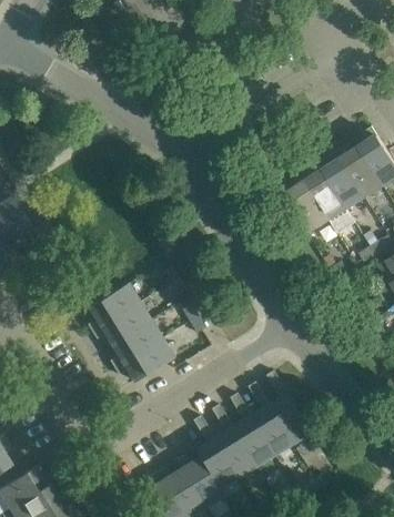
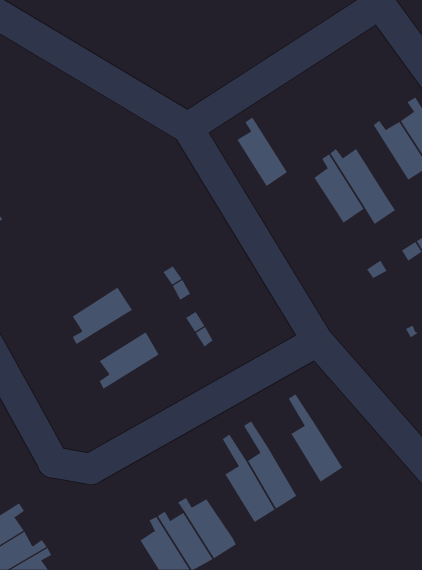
building: [322,150,364,207] -> [237,117,288,187]
building: [91,302,149,344] -> none
building: [113,338,172,381] -> none
building: [246,382,292,455] -> none
building: [192,415,238,488] -> none

